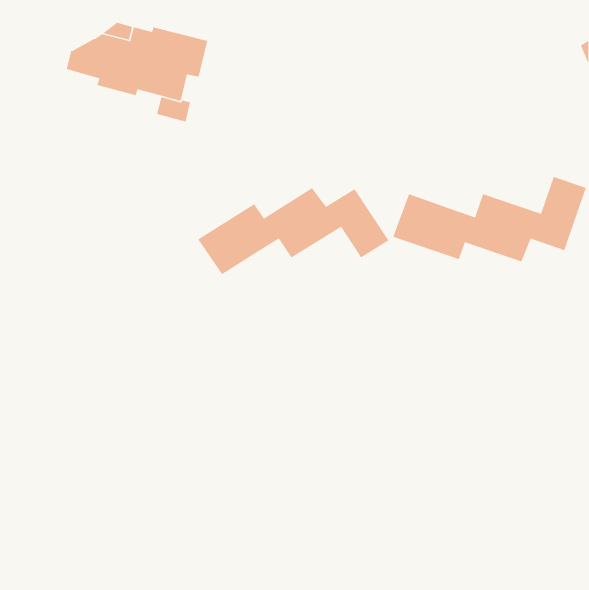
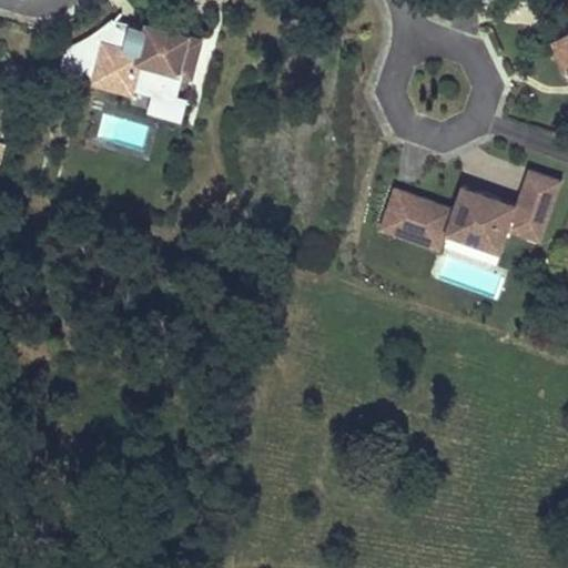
building: [197,187,390,275] -> none

